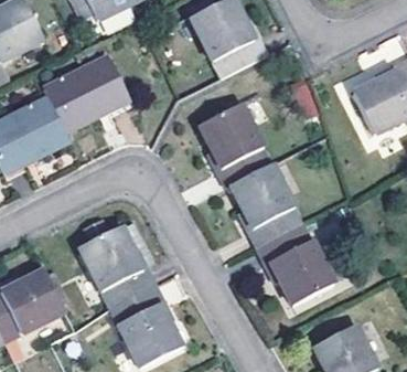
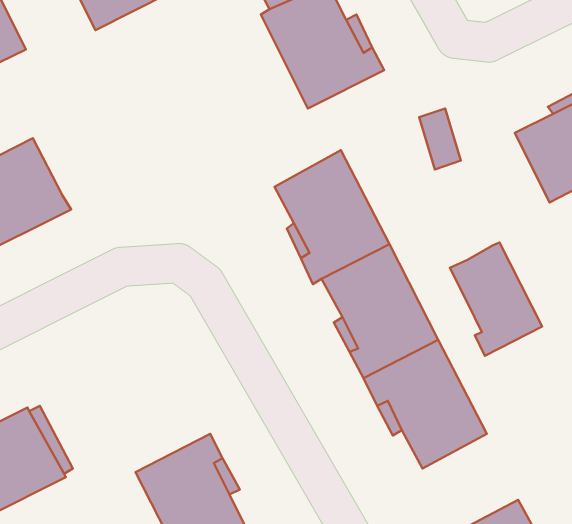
building: [41,56,129,132] -> none
building: none -> [450,243,542,356]
building: [81,220,158,308] -> none

